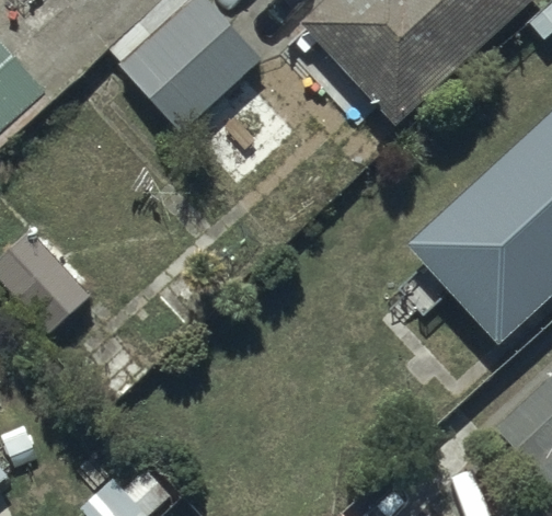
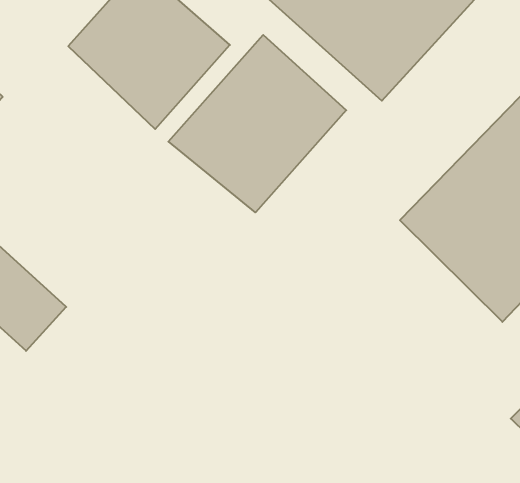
building: none -> [168,35,346,212]

